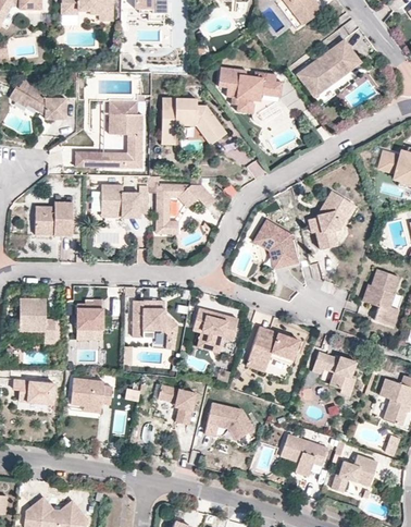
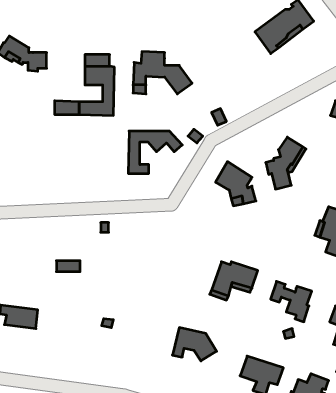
building: [219,66,284,114] -> none
building: [100,184,139,217] -> none
building: [34,201,72,235] -> none
building: [20,298,55,340] -> none
building: [76,299,102,329] -> none
building: [134,301,178,338] -> none
building: [191,307,237,353] -> none
building: [72,378,113,407] -> none
building: [157,383,195,424] -> none

